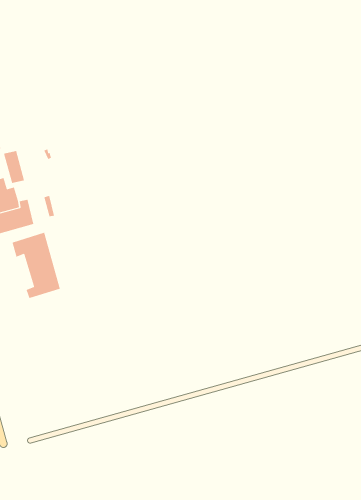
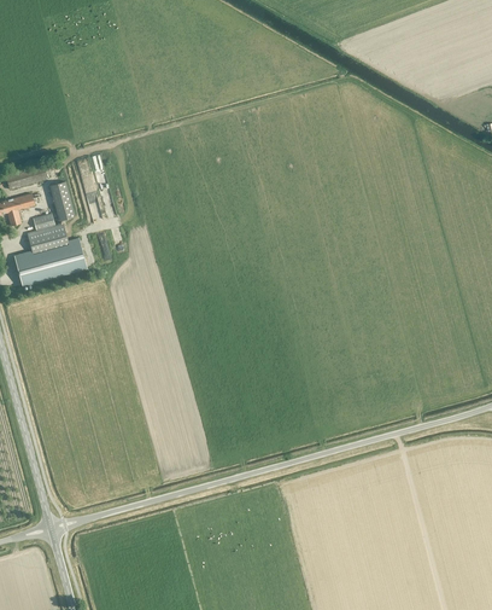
building: [12,232,61,299] -> none

